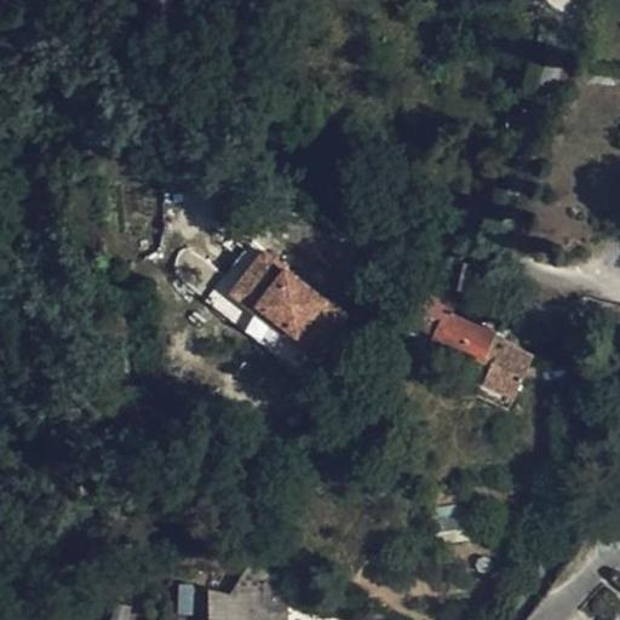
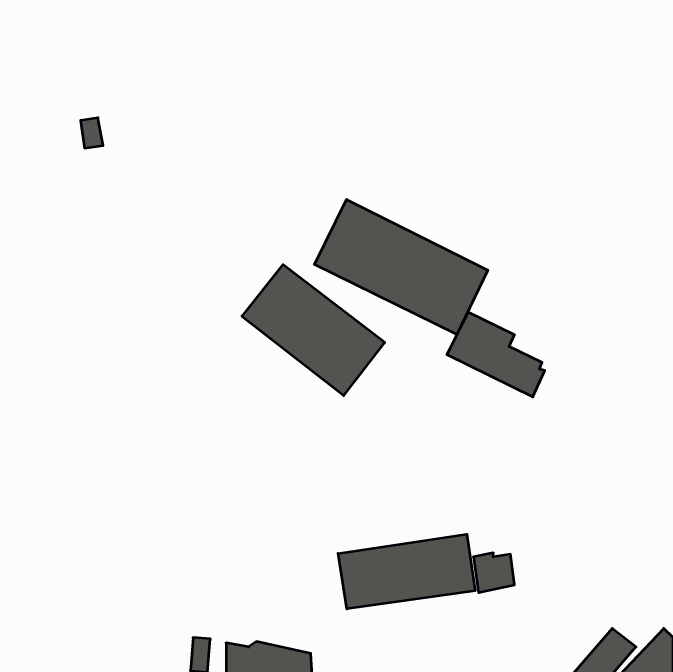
building: none -> [314,199,488,335]
building: [475,343,530,407] -> none
building: none -> [338,534,475,609]

